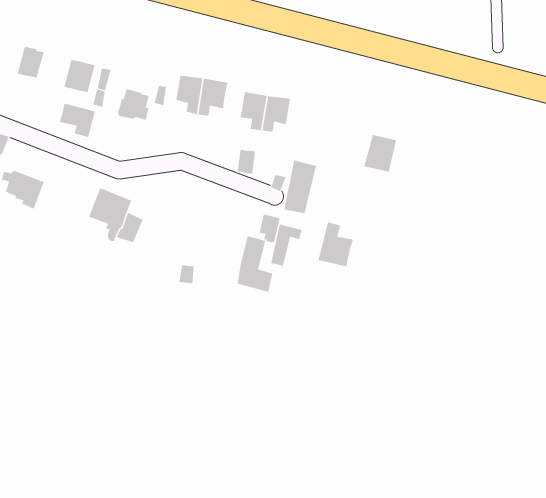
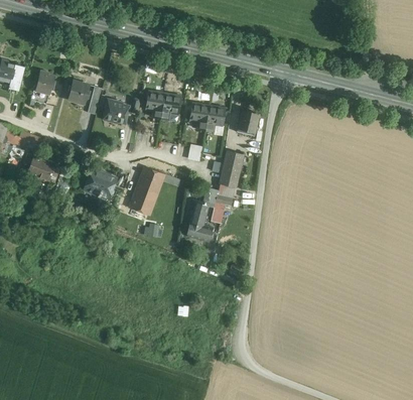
building: [59,103,96,138] -> none
building: [363,134,397,172] -> [236,109,259,135]
building: none -> [130,166,163,214]
building: [318,221,353,267] -> none

